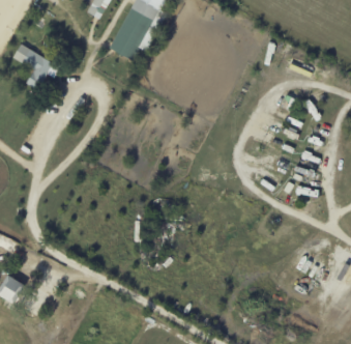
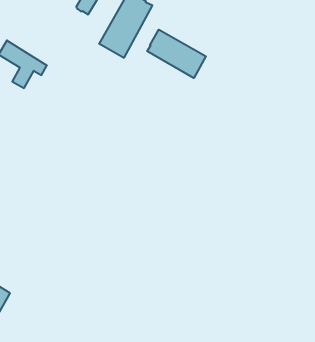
building: none -> [147,30,206,78]

